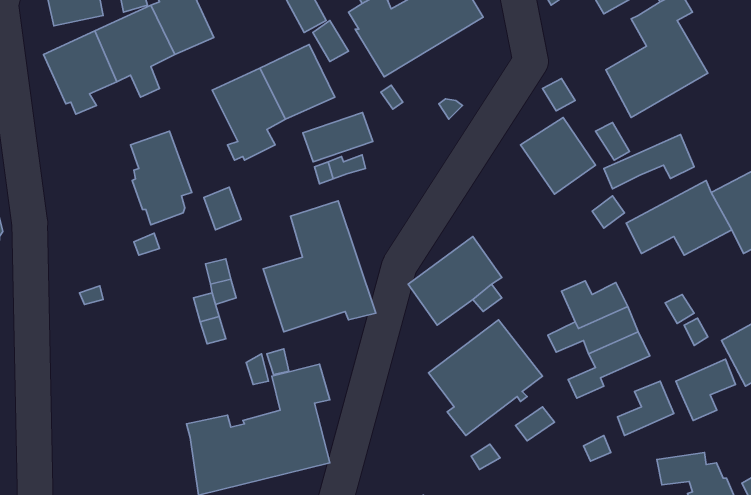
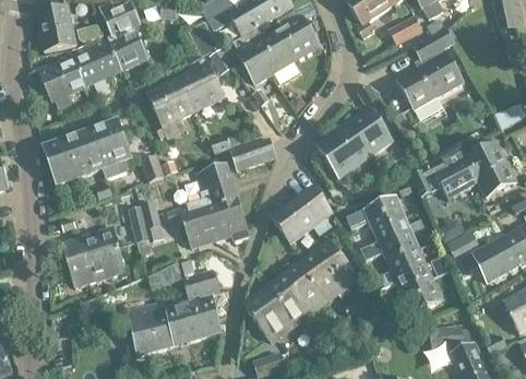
building: [303,113,373,162] -> [231,139,276,170]
building: [604,134,694,189] -> [347,196,405,230]
building: none -> [44,128,101,186]
building: none -> [318,128,366,178]
building: none -> [62,226,127,287]
building: [676,359,736,420] -> [395,263,433,303]
building: none -> [243,274,309,342]

